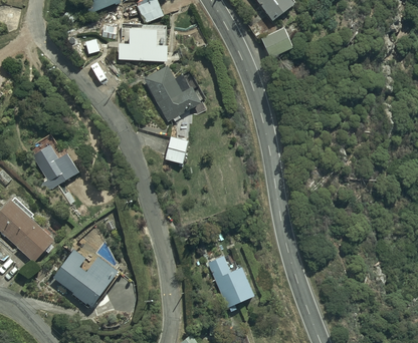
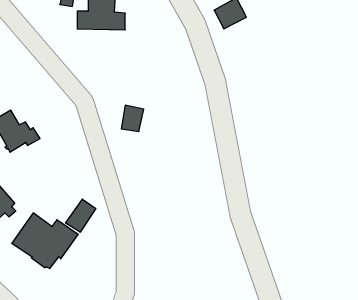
building: [144,63,202,122] -> none
building: none -> [66,199,96,232]
building: [207,256,255,313] -> none

